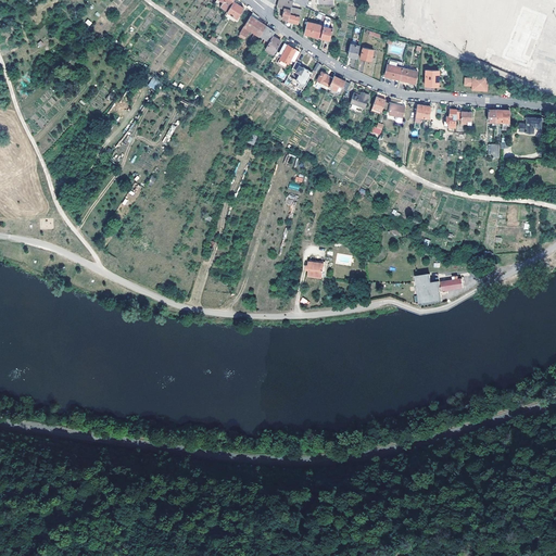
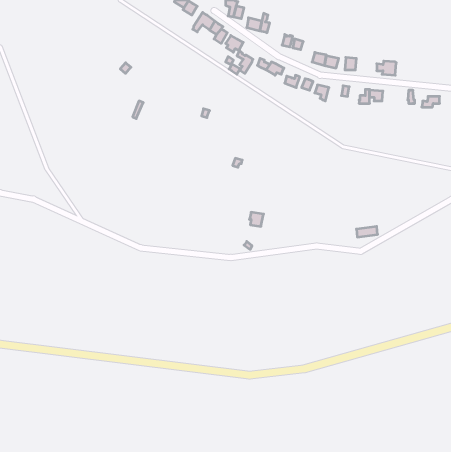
building: [417,275,442,305] -> none

